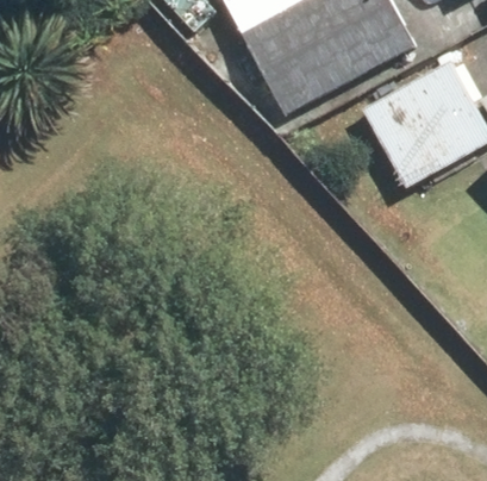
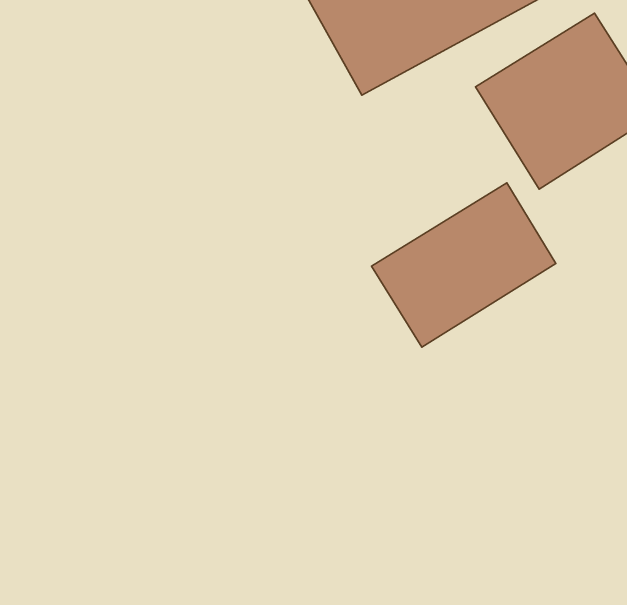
building: none -> [371,183,556,347]

